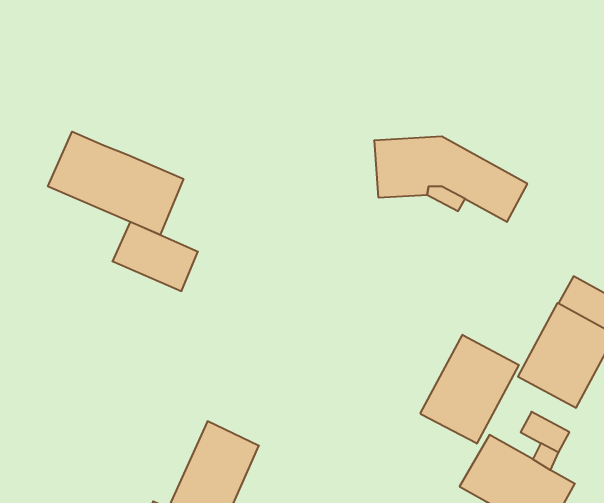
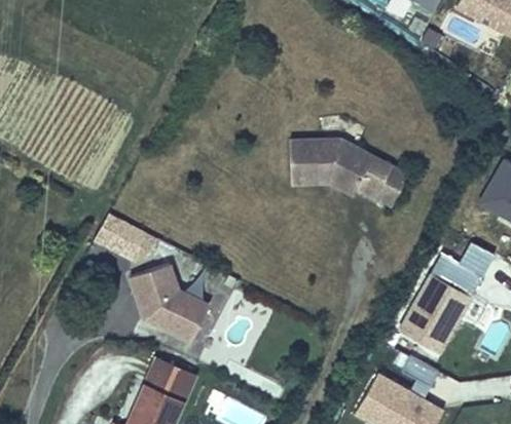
building: [48,132,183,235] -> none
building: none -> [130,266,209,345]
building: [421,335,519,444] -> none

